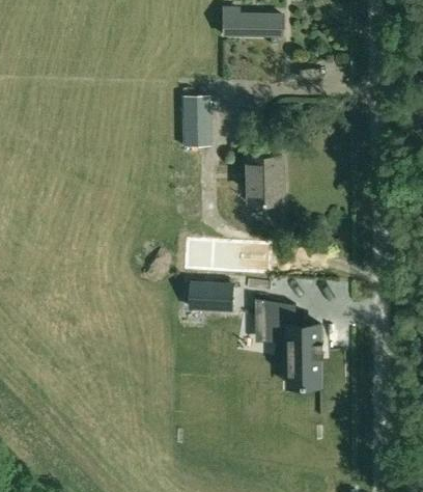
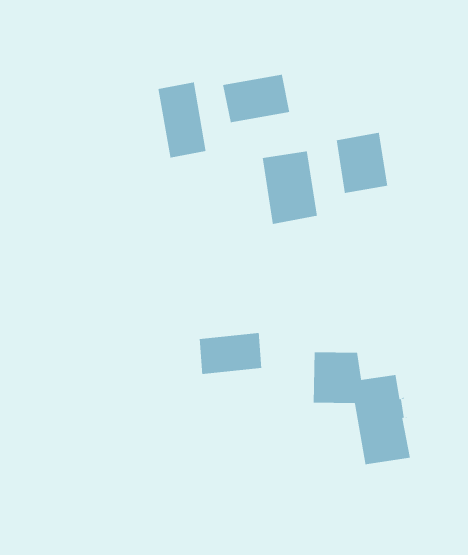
building: none -> [222,74,290,123]
building: none -> [336,132,388,194]

